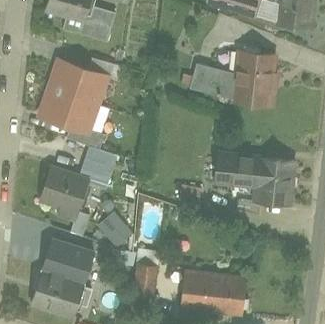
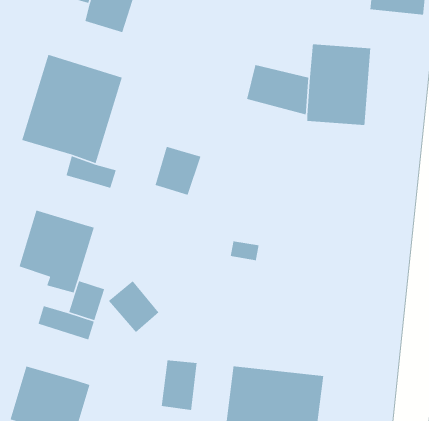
building: [81,145,113,179] -> [154,146,201,196]
building: [212,152,296,206] -> none
building: [41,240,84,278] -> none

